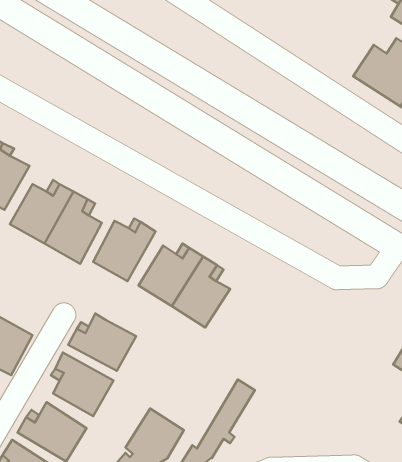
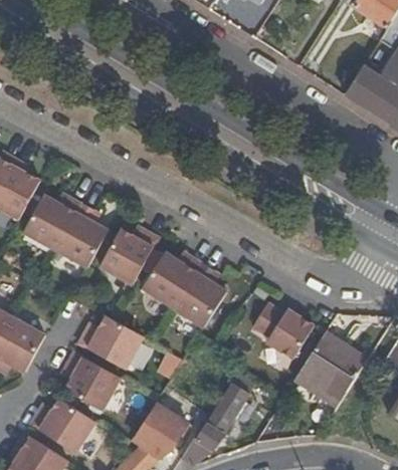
building: none -> [251,303,314,360]
building: none -> [297,339,365,402]

